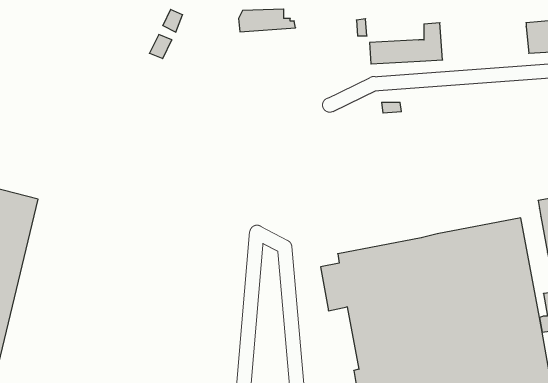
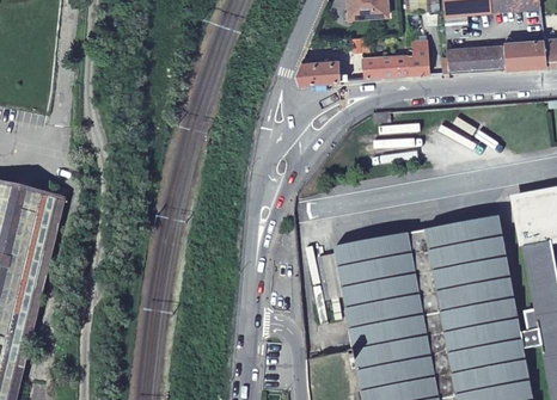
building: [239,9,296,32] -> [298,61,349,81]
building: none -> [447,43,507,70]

